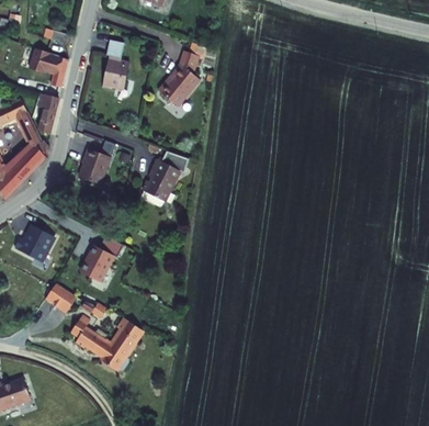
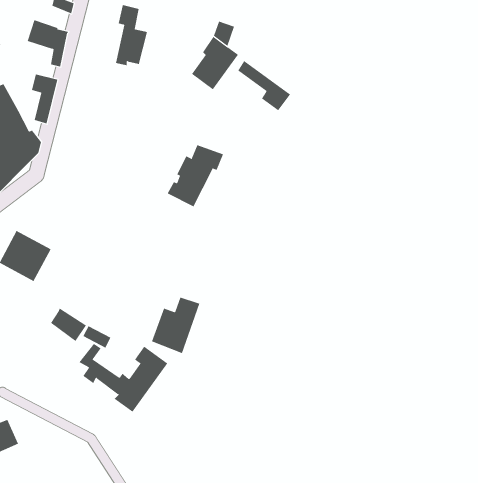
building: none -> [237,60,291,111]
building: [83,149,115,184] -> none
building: [76,235,115,281] -> [151,297,200,354]

